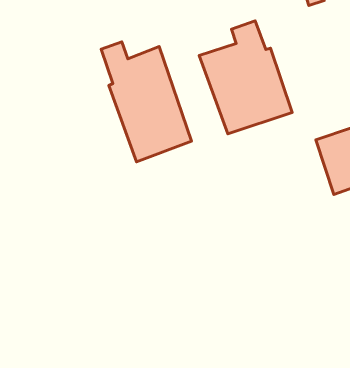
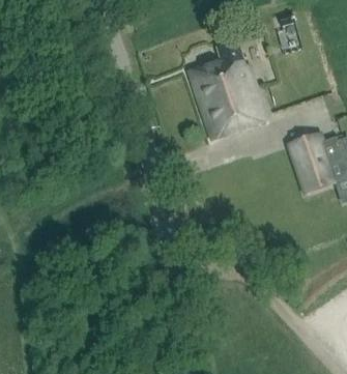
building: [101,42,191,162] -> none

